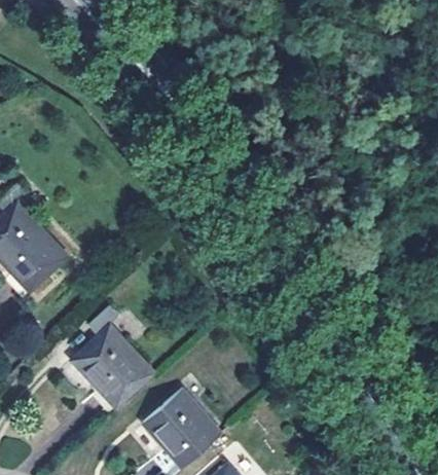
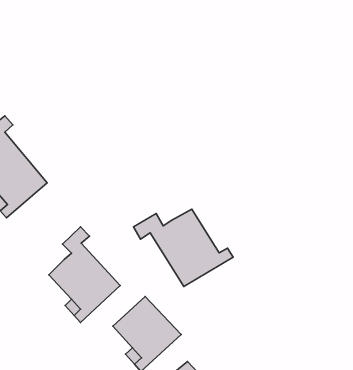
building: none -> [133,209,233,287]

